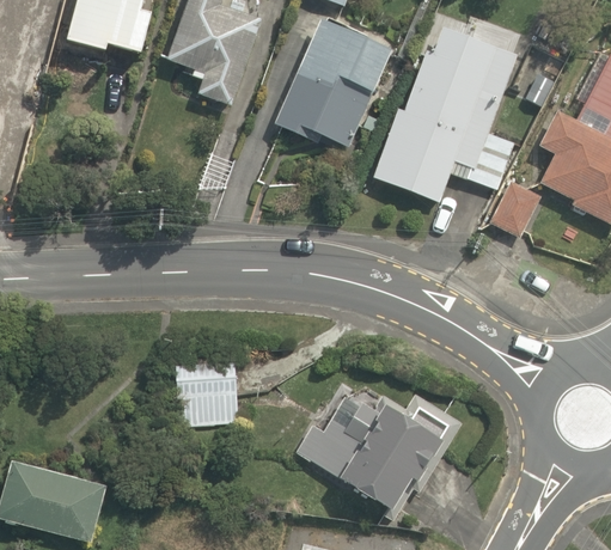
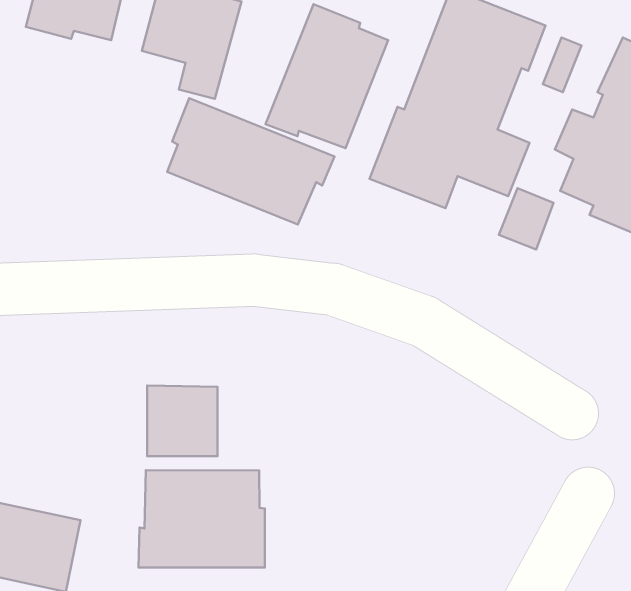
building: none -> [167,98,335,224]
building: [293,391,454,509] -> none
building: none -> [139,470,265,568]

